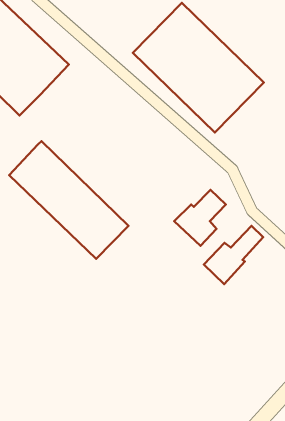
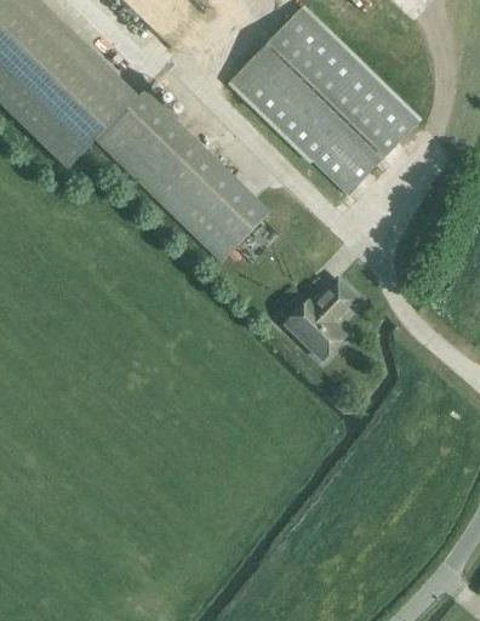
building: [9,141,128,259] -> [97,91,268,260]
building: [204,226,263,284] -> none

